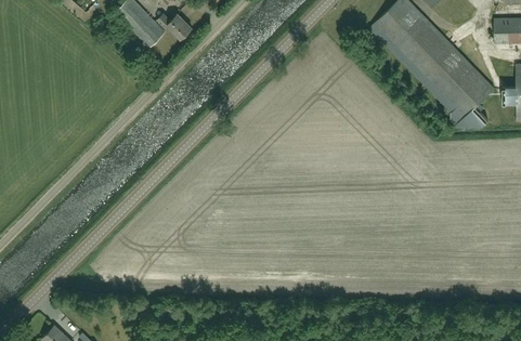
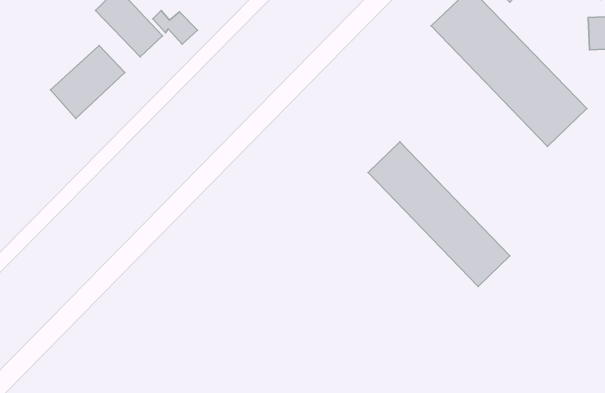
building: none -> [50,45,125,118]
building: none -> [368,142,510,287]

